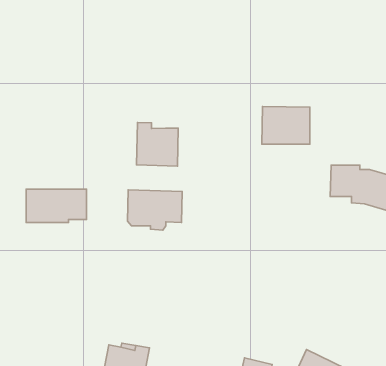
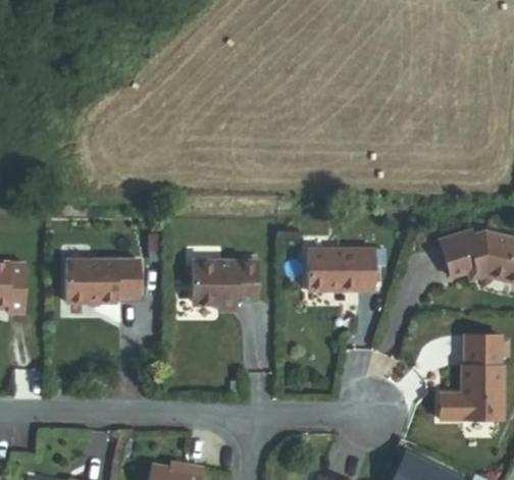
building: [262,106,310,144] -> [315,246,375,292]
building: [136,122,178,166] -> none
building: none -> [436,335,501,423]

